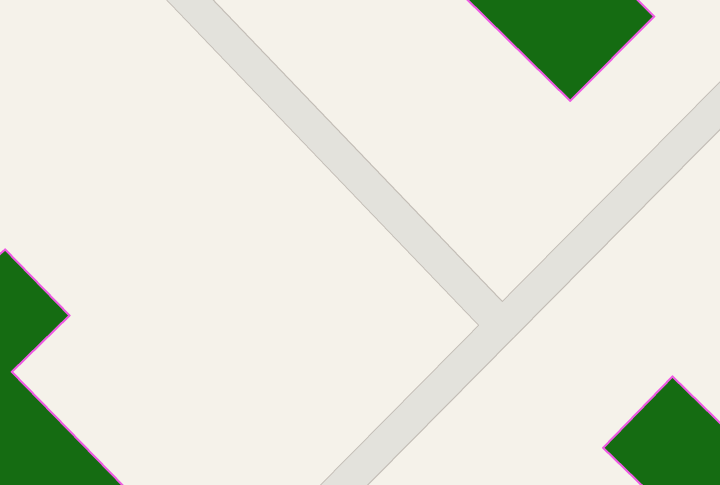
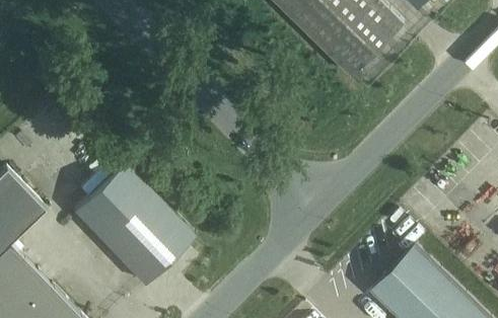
building: none -> [75,164,196,285]

